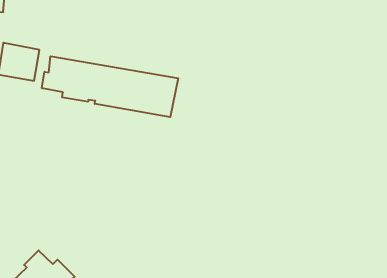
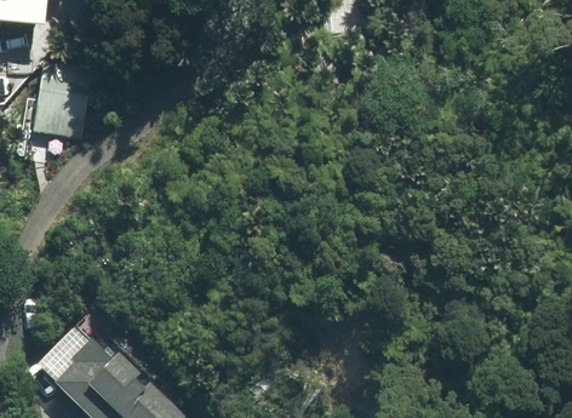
building: [42,56,178,117] -> none

